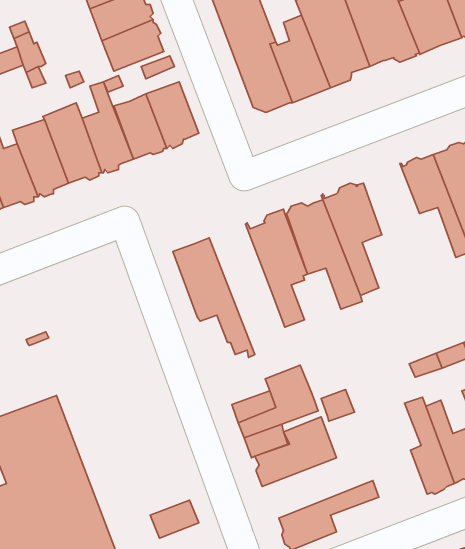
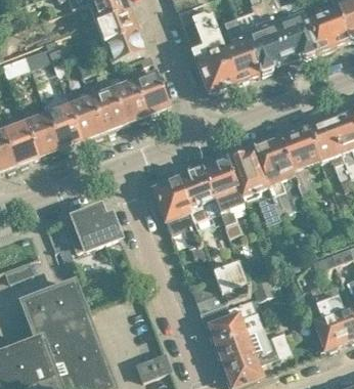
building: none -> [280,126,319,194]
building: none -> [177,167,219,228]
building: none -> [65,206,120,250]
building: none -> [213,325,287,365]

